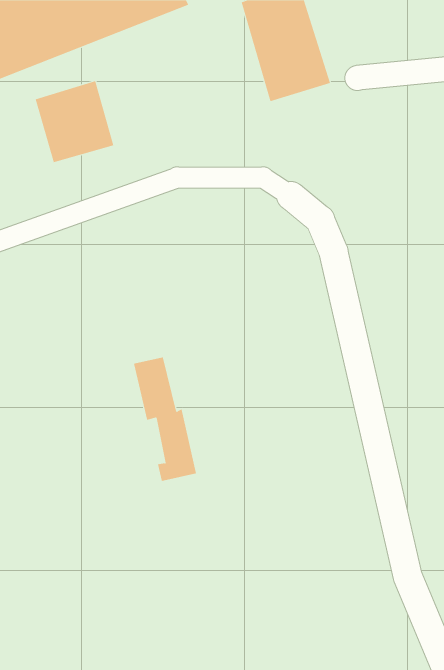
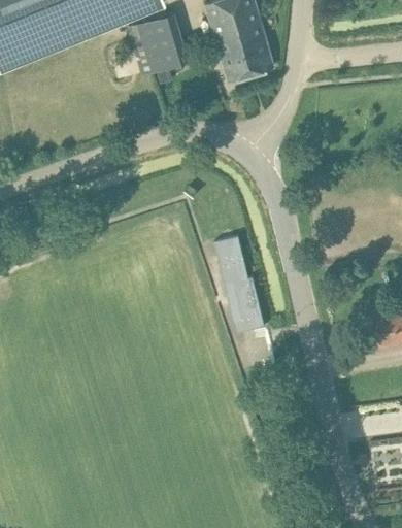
building: [35,80,114,163] -> [126,12,188,76]
building: [133,357,197,482] -> [214,236,264,333]

